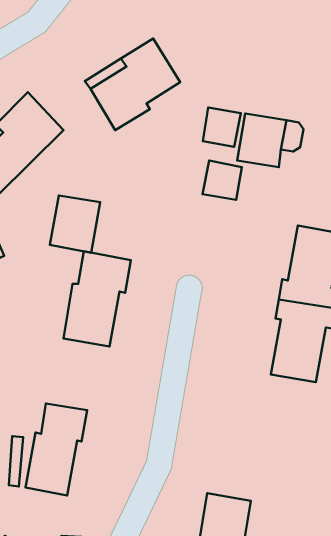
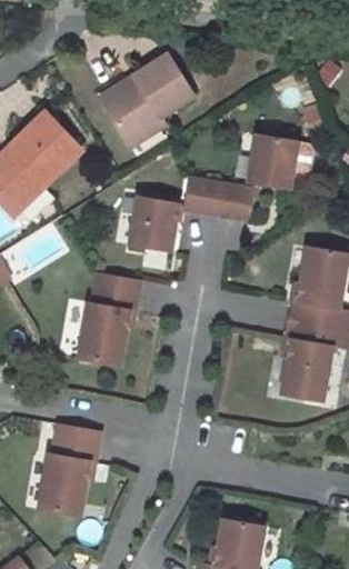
building: [203,108,241,147] -> [182,176,220,214]
building: [50,196,100,253] -> [128,196,178,252]

